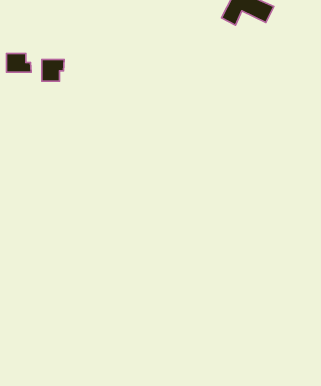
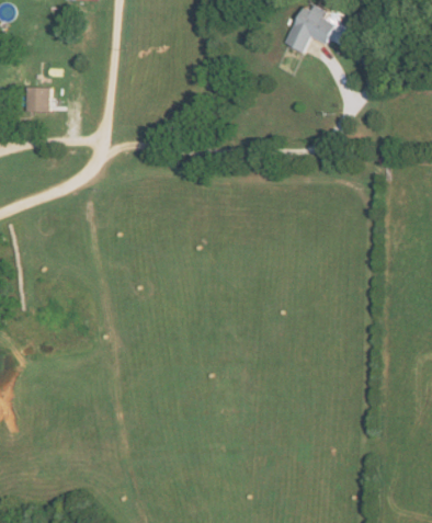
building: [42,59,64,81] -> none

